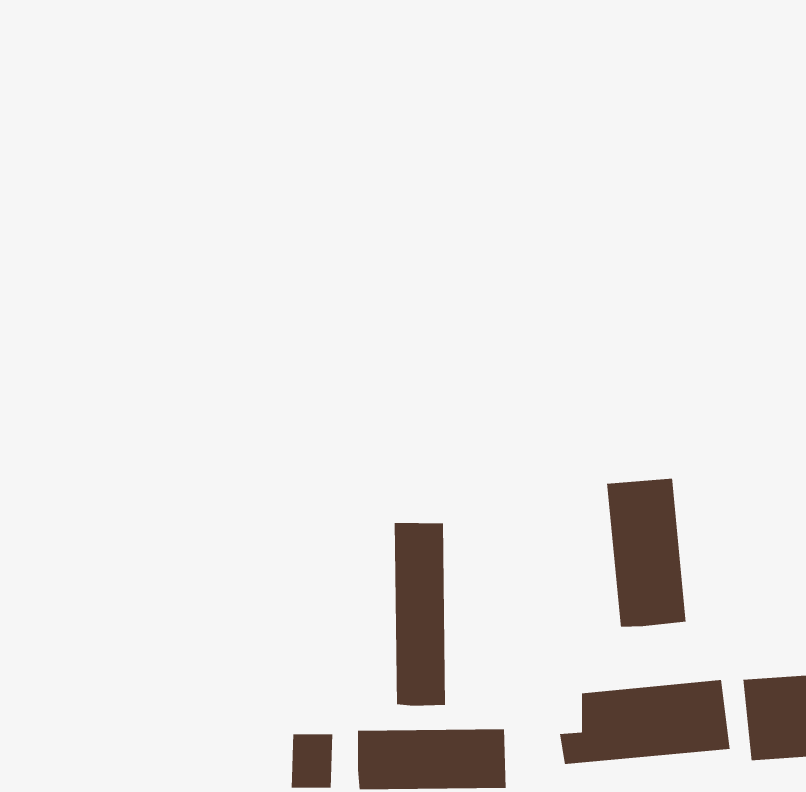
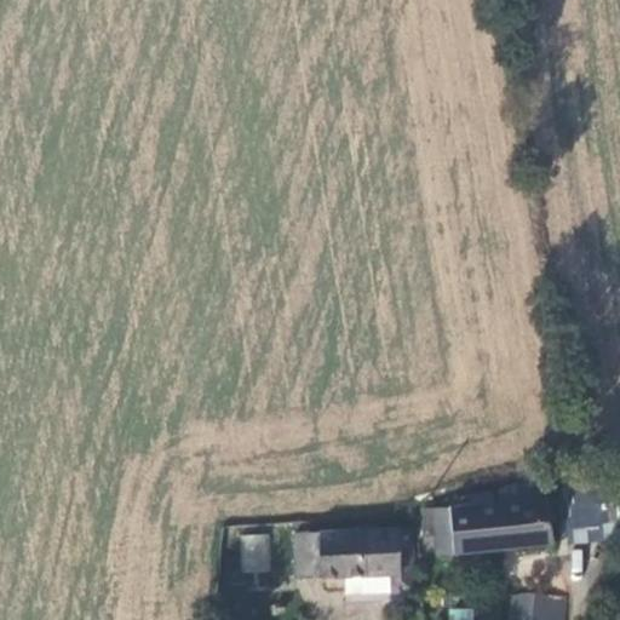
building: [606,478,686,628] -> none
building: [394,522,445,707] -> none

